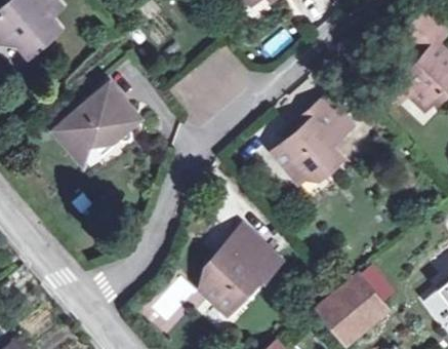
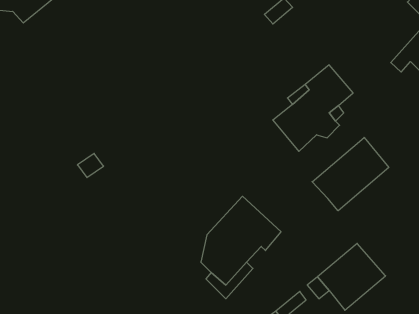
building: [55,85,138,165] -> none
building: none -> [312,137,389,211]

